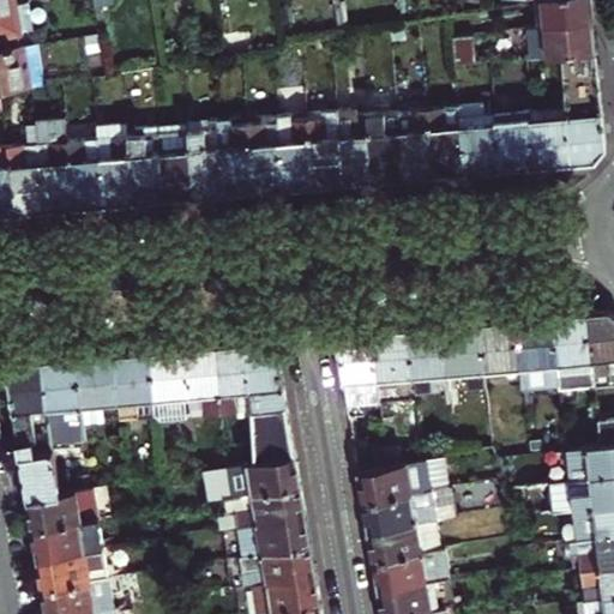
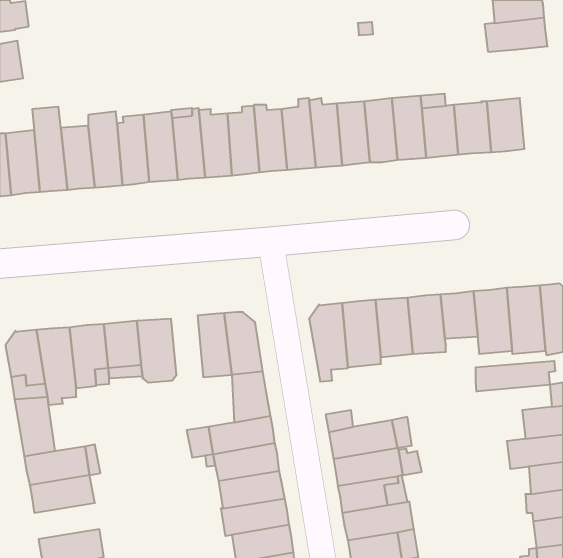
building: [560,56,604,168] -> none
building: [186,349,221,419] -> none
building: none -> [476,361,555,392]
building: [37,553,108,592] -> none

